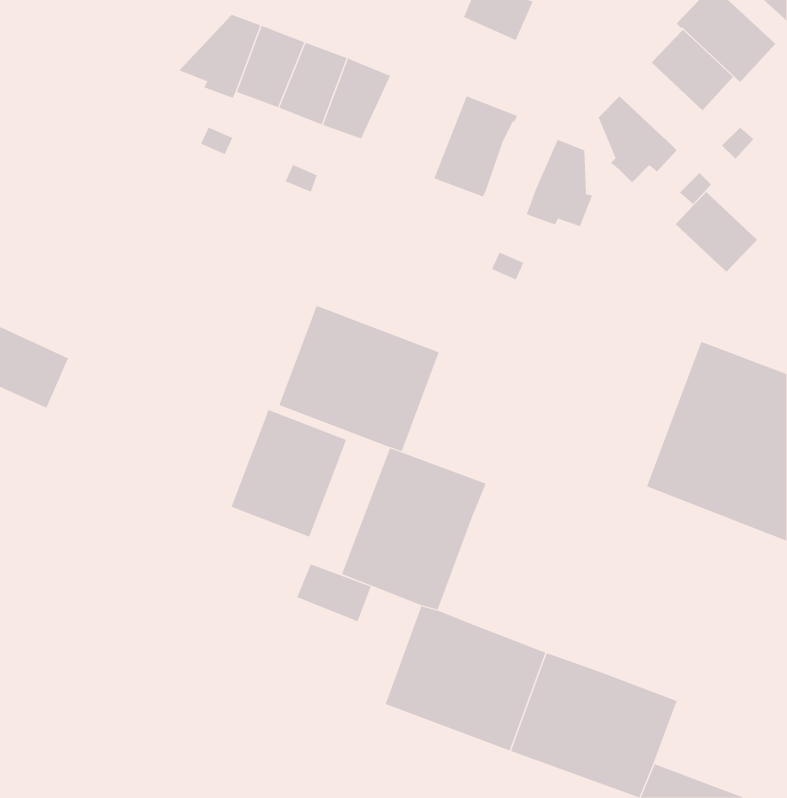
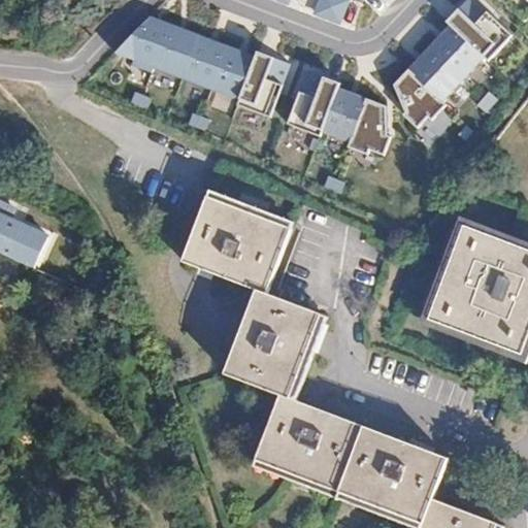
building: none -> [238,44,294,111]
building: none -> [321,80,367,136]
building: [675,191,758,273] -> [408,41,463,95]
building: [231,409,347,538] -> none
building: [296,563,371,622] -> none

